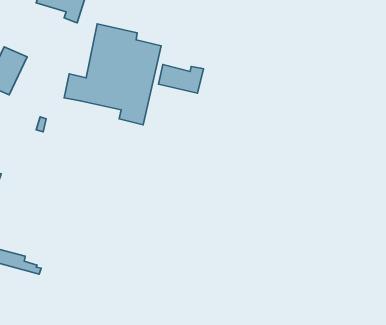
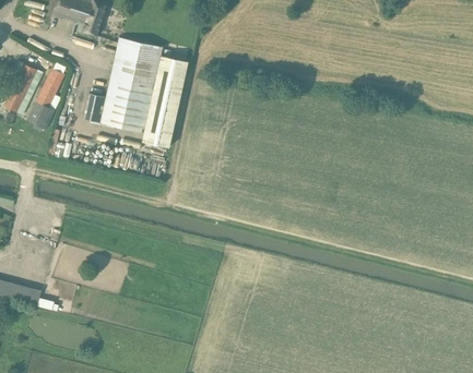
building: none -> [26,69,63,129]
building: [159,65,204,93] -> none

